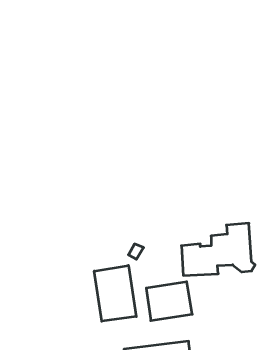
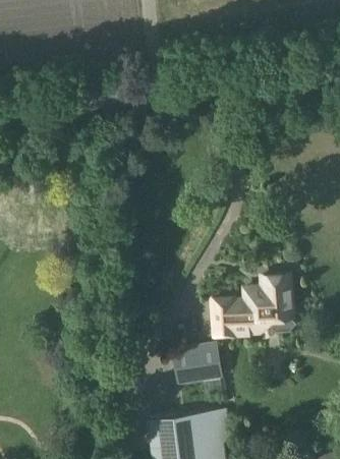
building: [94,265,136,321] -> none

